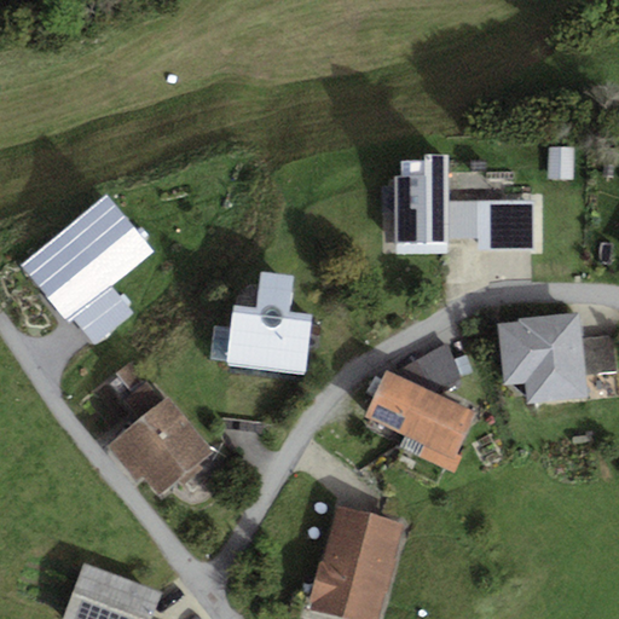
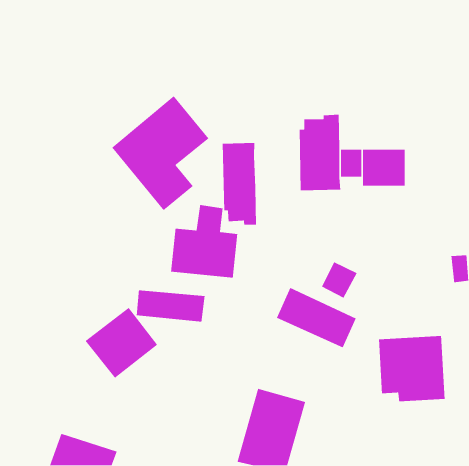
building: none -> [222,142,257,226]
building: [22,191,151,343] -> [111,95,210,211]
building: [496,319,584,407] -> [378,335,445,402]
building: none -> [136,289,205,323]

